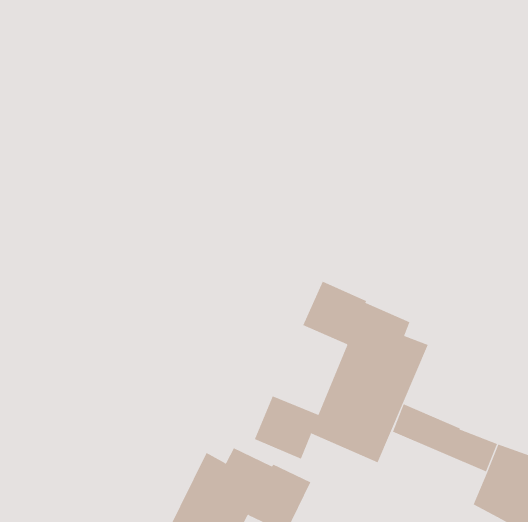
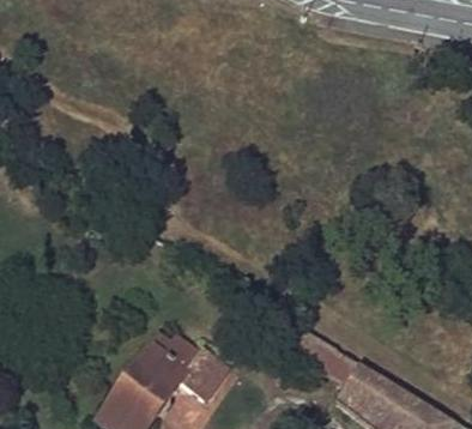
building: [254,281,428,463] -> none

